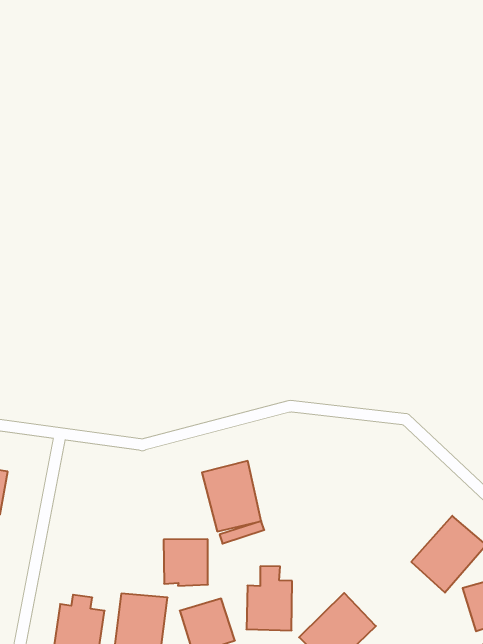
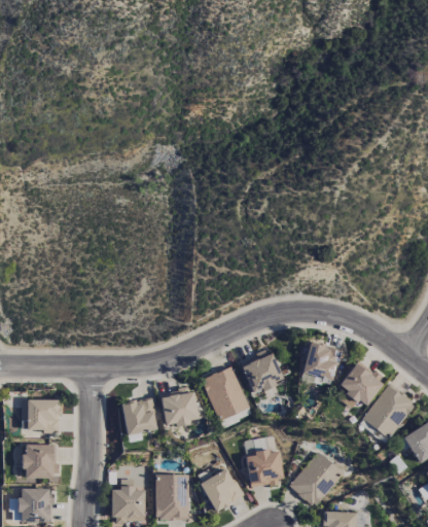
building: none -> [300,341,341,386]
building: none -> [240,350,283,394]
building: none -> [337,359,384,406]
building: none -> [120,397,158,435]
building: [164,539,208,586] -> [160,388,198,425]

